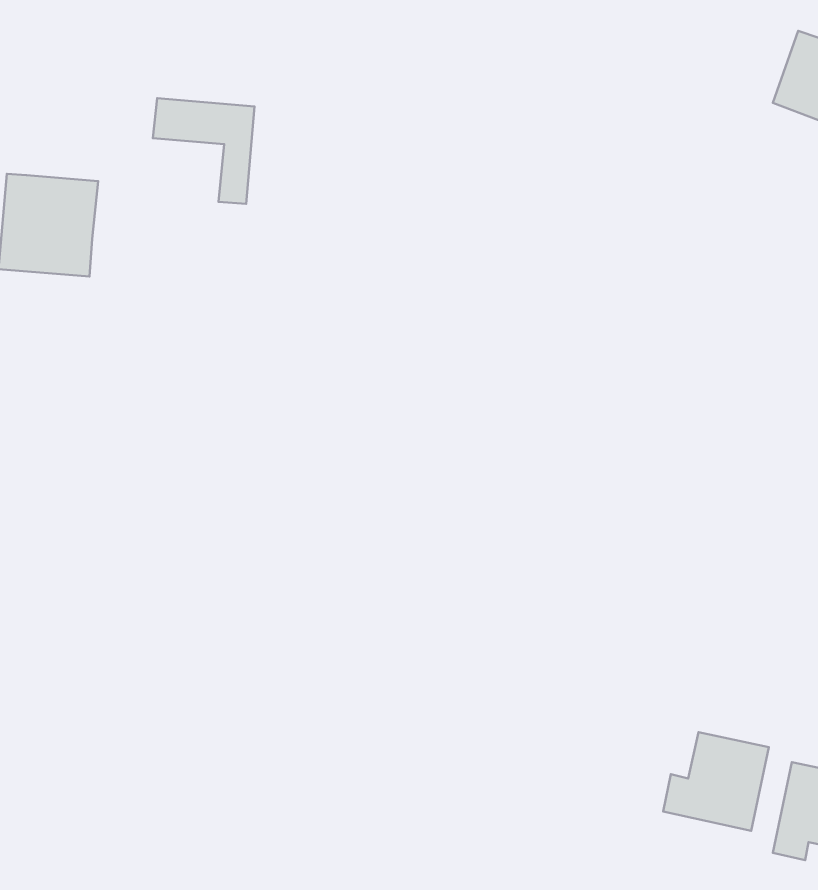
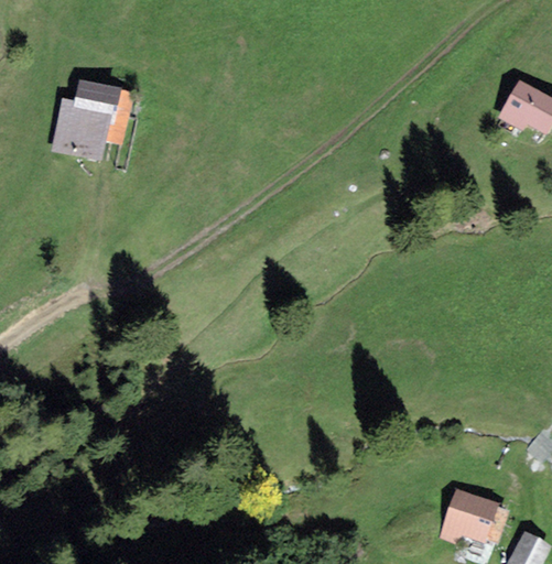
building: [153,98,254,204] -> [74,78,133,144]
building: [663,732,769,831] -> none

